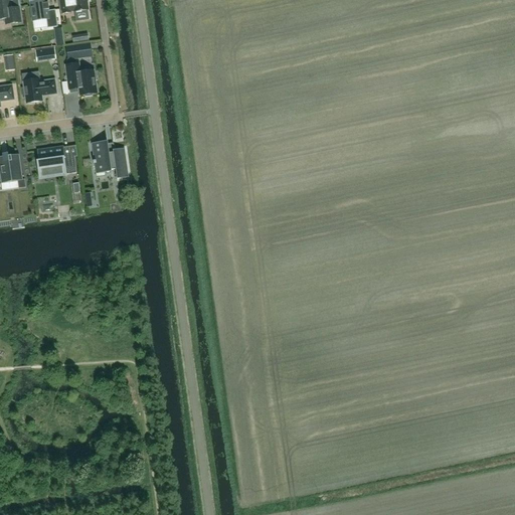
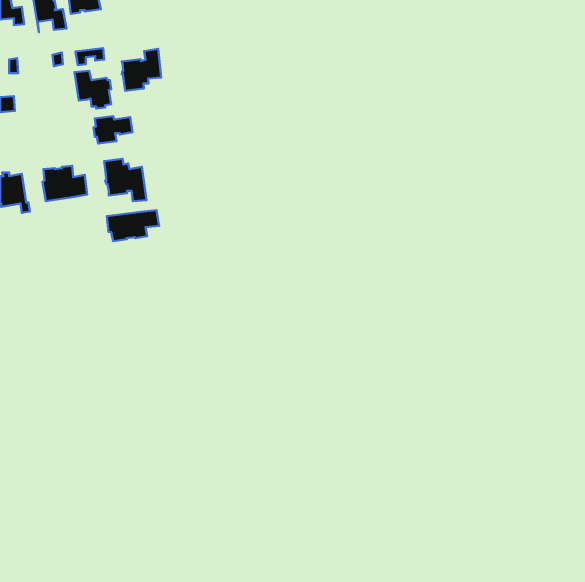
building: none -> [122,49,161,91]
building: [22,77,56,102] -> [94,116,132,144]
building: none -> [107,210,159,241]

